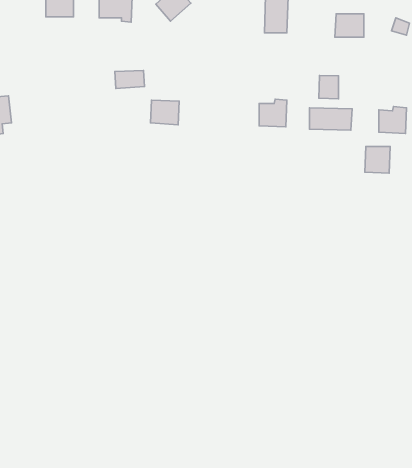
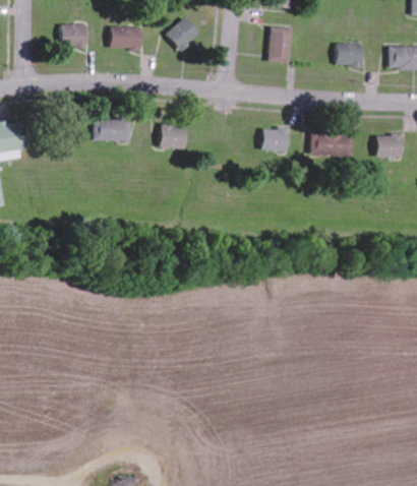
building: [115,70,145,89] -> [99,122,127,139]
building: [319,75,339,99] -> none
building: [365,147,390,173] -> none

